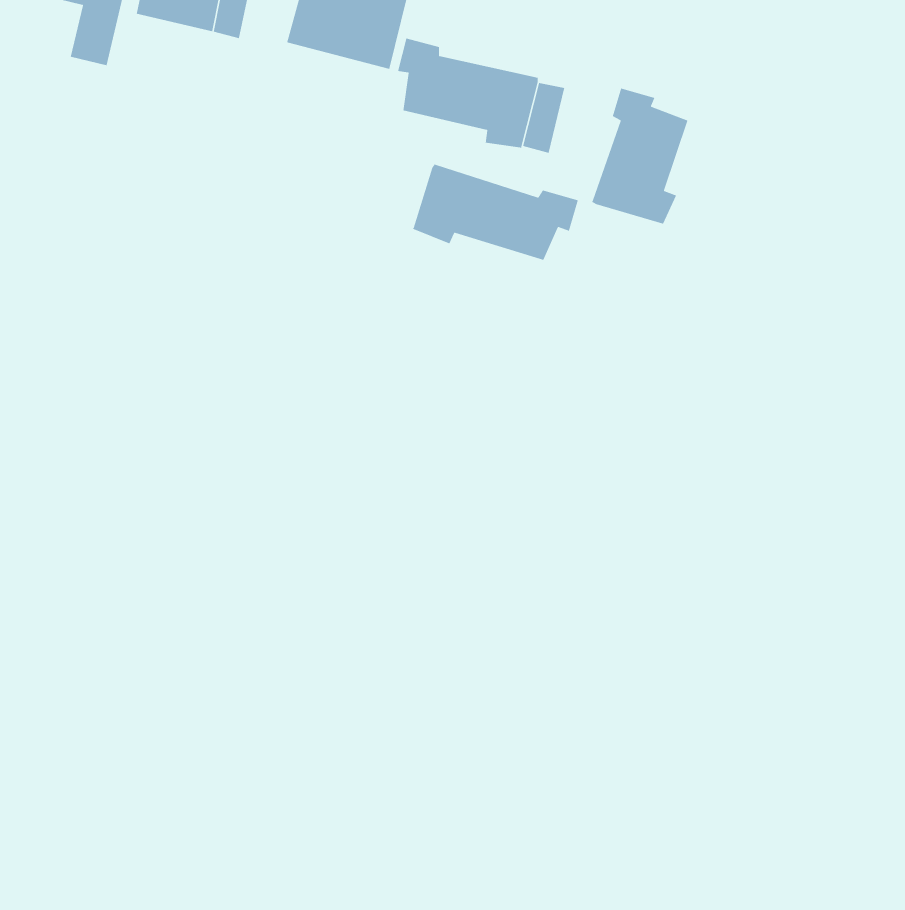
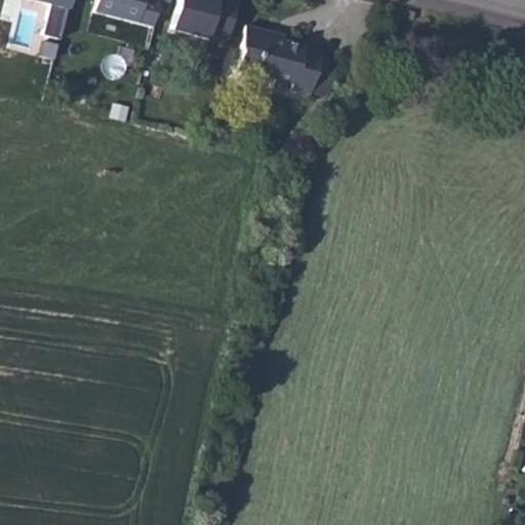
building: [591,88,689,225] -> none
building: [412,163,579,261] -> none

